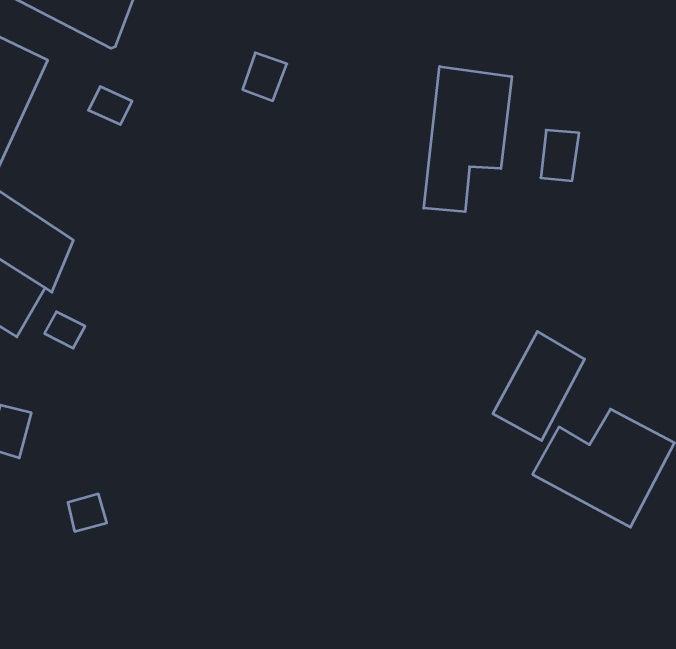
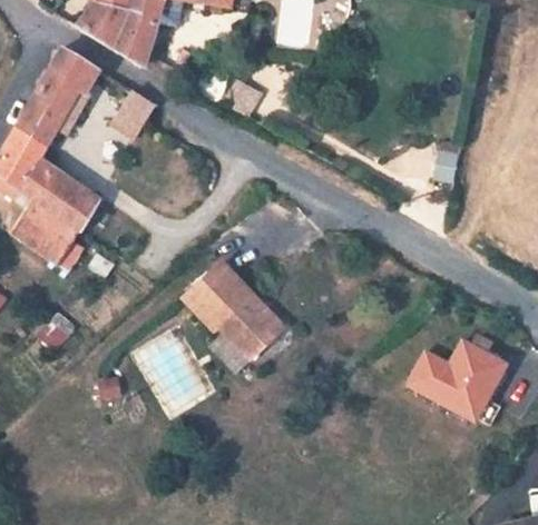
building: [424,66,512,212] -> none
building: none -> [183,266,284,361]
building: [493,331,585,441] -> none

